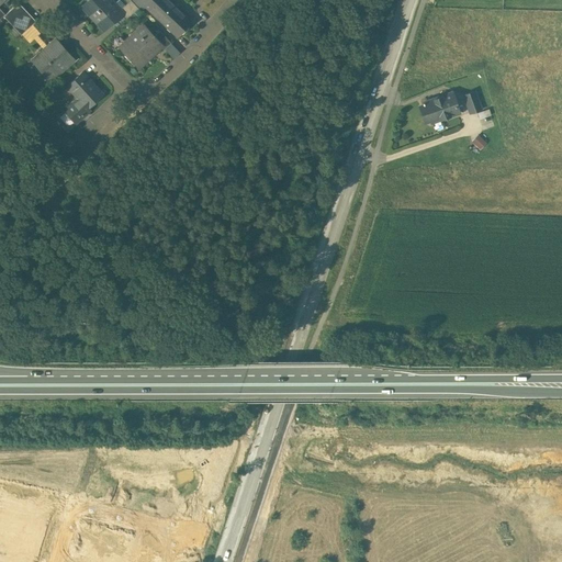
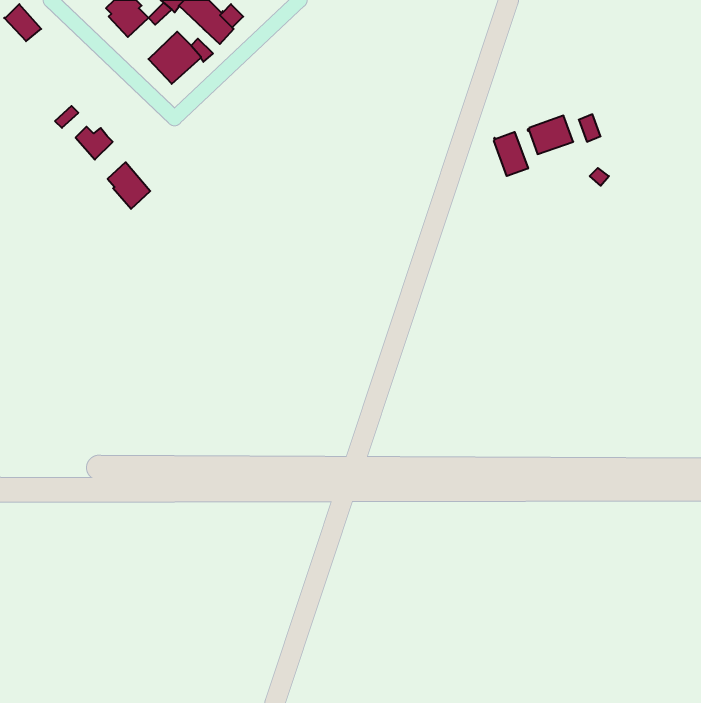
building: [34,41,71,78] -> none
building: [67,71,101,109] -> [108,162,150,209]
building: none -> [494,132,528,176]

